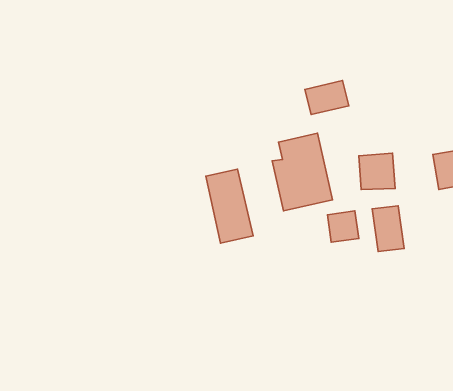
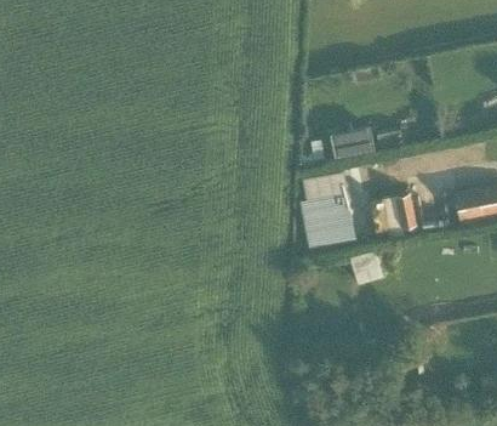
building: [206,169,253,243] -> none
building: [372,206,404,252] -> none

